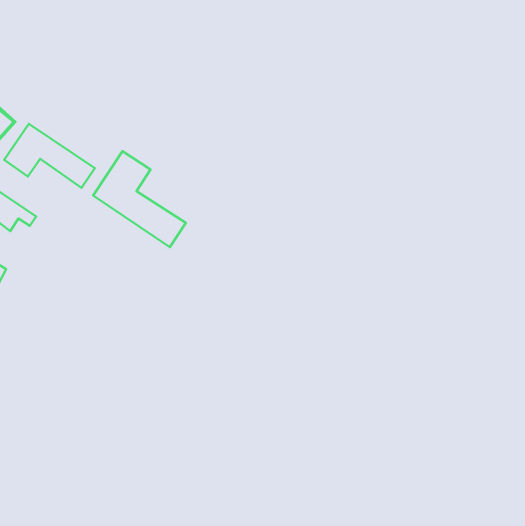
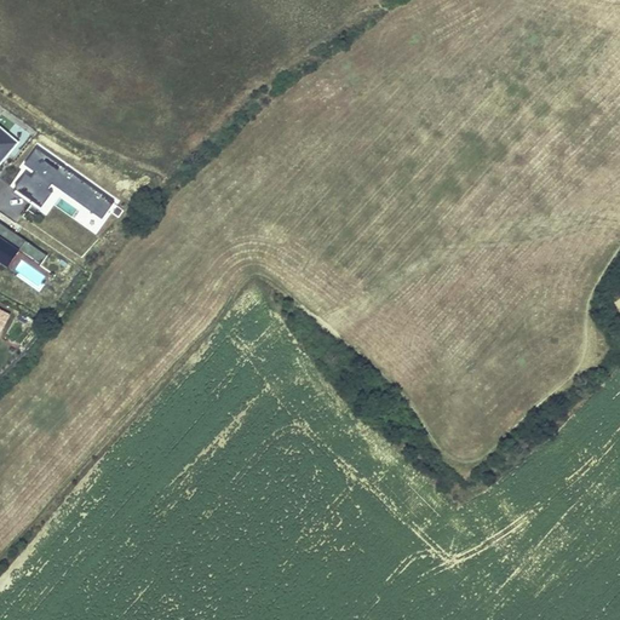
building: [93,151,186,247] -> none

